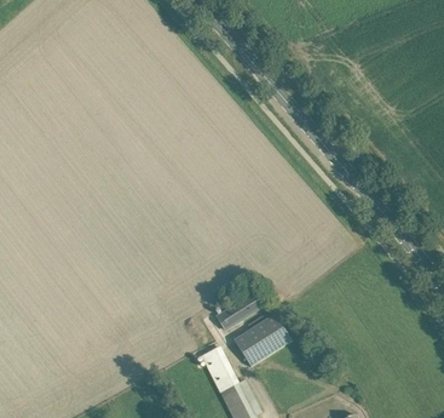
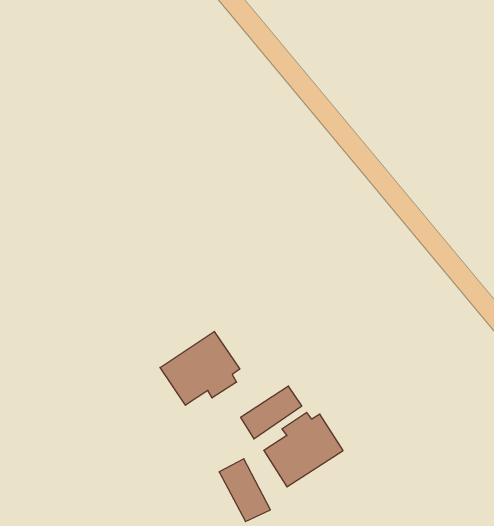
building: none -> [160,331,240,405]

